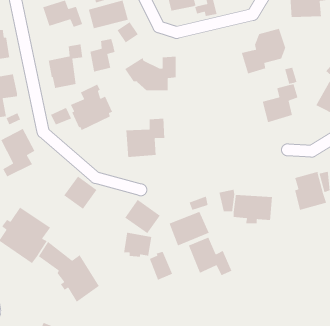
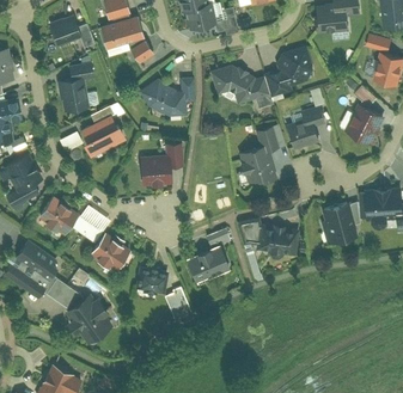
building: [89,38,115,72] -> none
building: none -> [209,62,273,109]
building: none -> [238,125,280,184]
building: none -> [37,195,79,235]
building: [124,199,161,234] -> [90,233,129,271]
building: [188,236,232,276] -> none

